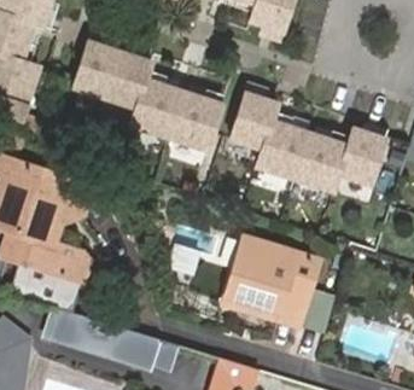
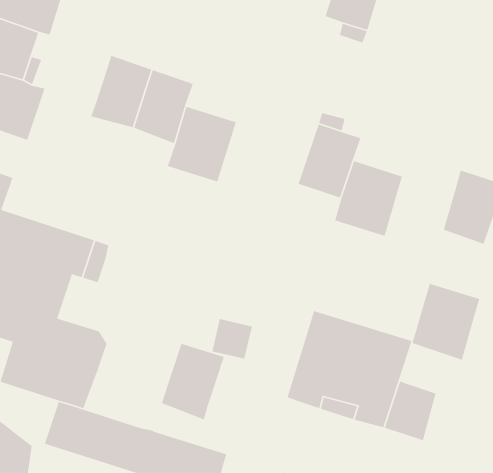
building: [171,93,225,151] -> none
building: [298,134,350,193] -> [412,283,480,361]
building: none -> [161,343,225,421]

